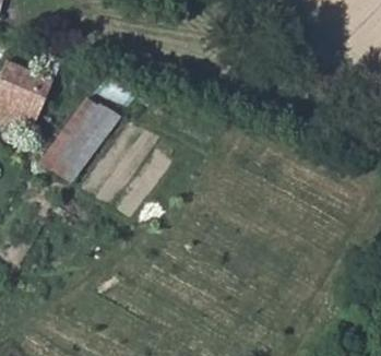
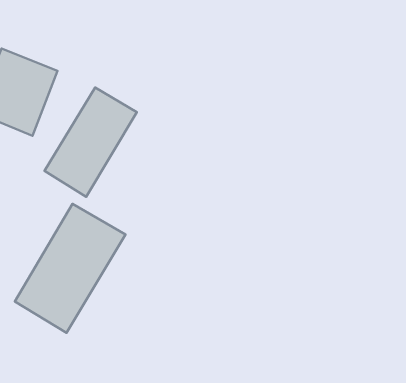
building: none -> [15,204,126,333]

